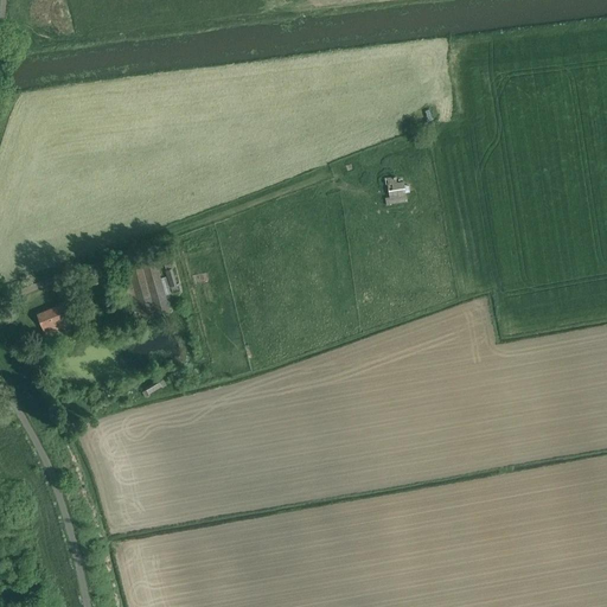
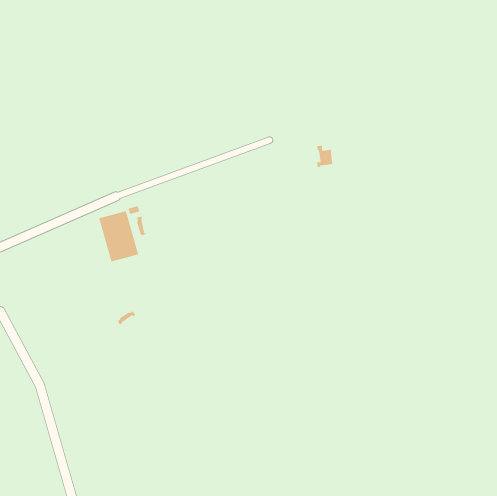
building: [38,306,70,333] -> none

